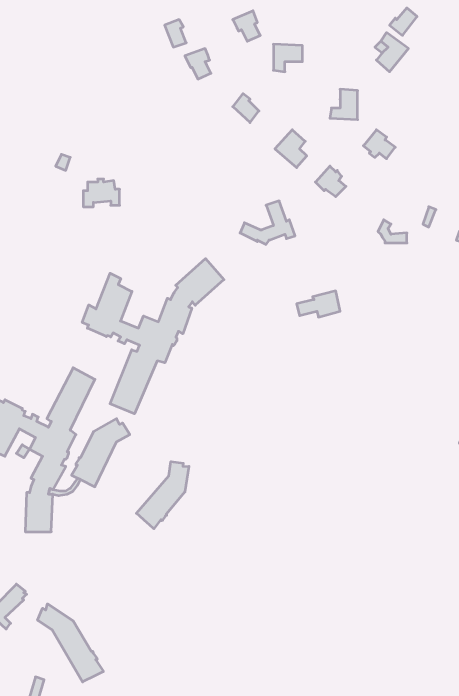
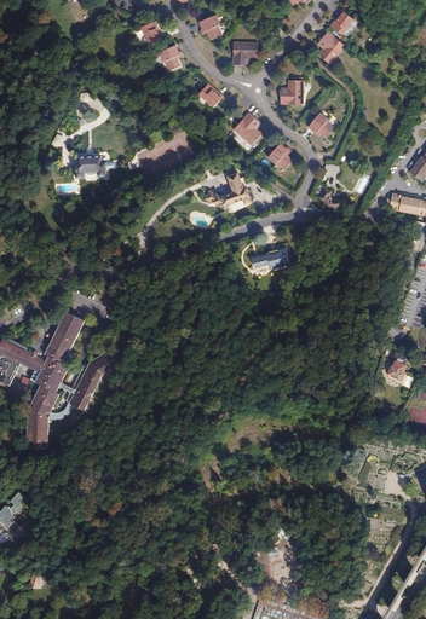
building: [82,259,224,414] -> none
building: [136,462,189,529] -> none
building: [38,604,103,682] -> none

